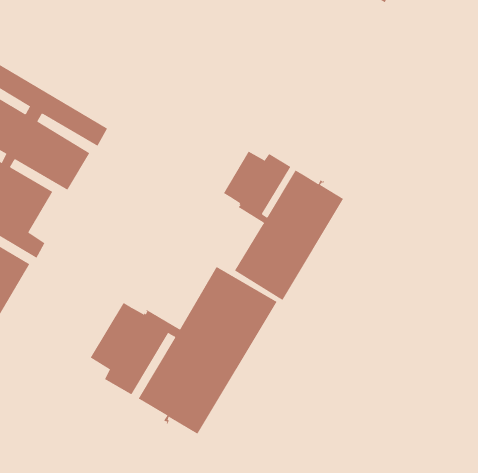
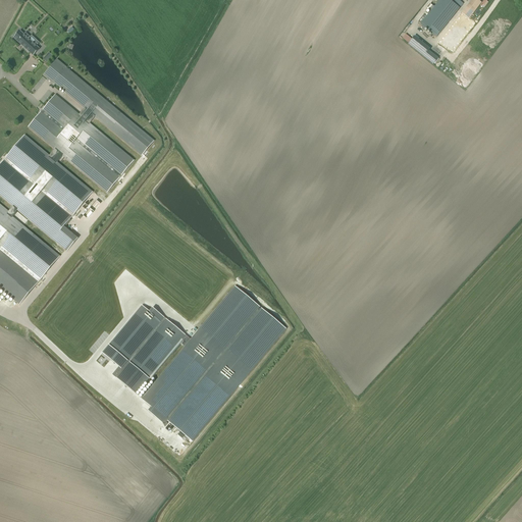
building: [223,151,344,301] -> none

